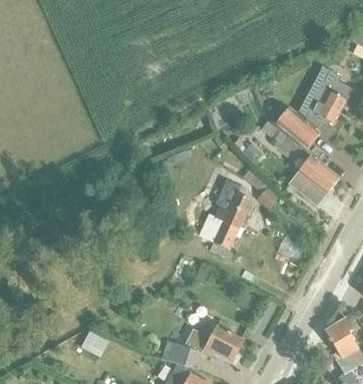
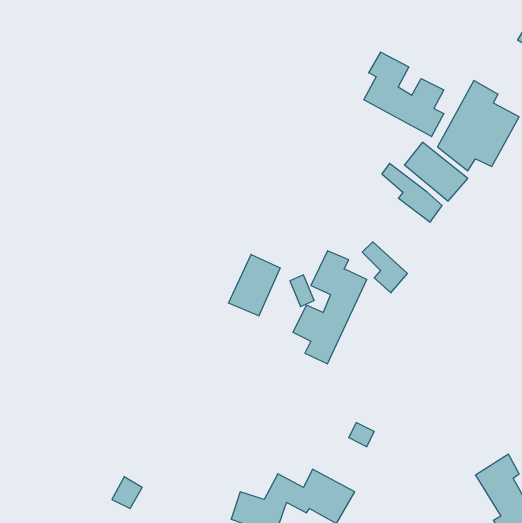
building: none -> [364,52,444,137]
building: [289,155,339,207] -> none
building: none -> [228,254,280,316]

